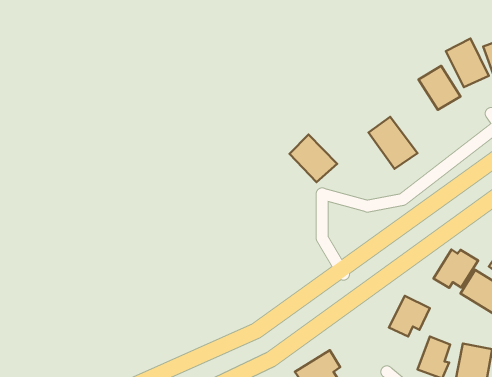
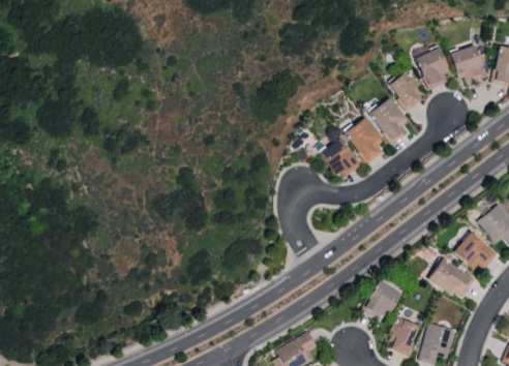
building: none -> [367,97,413,145]
building: [289,135,337,182] -> [319,136,362,180]
building: [433,249,478,288] -> none

